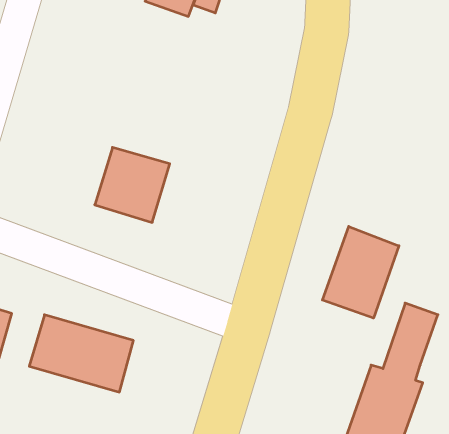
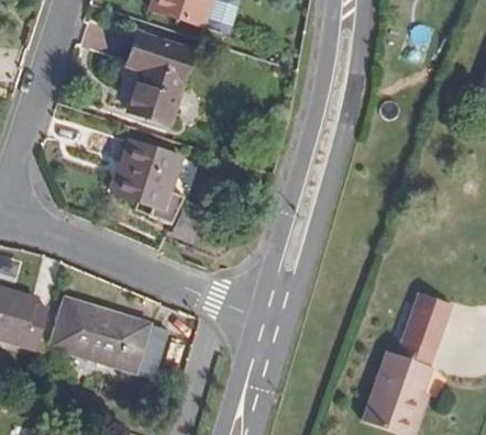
building: none -> [129,29,197,122]
building: [322,226,399,318] -> none

